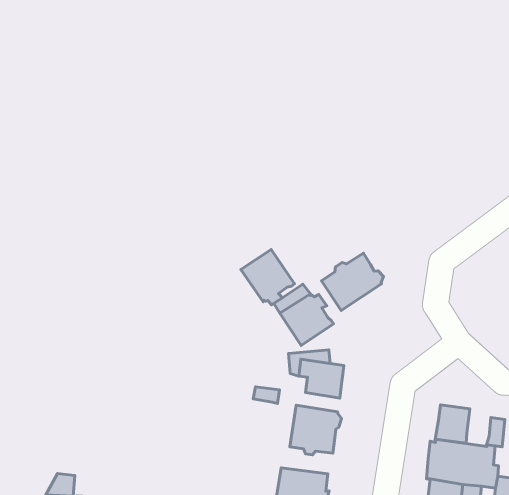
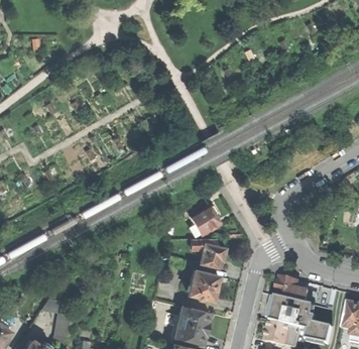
building: [241,249,294,305] -> none
building: [321,253,383,311] -> none

